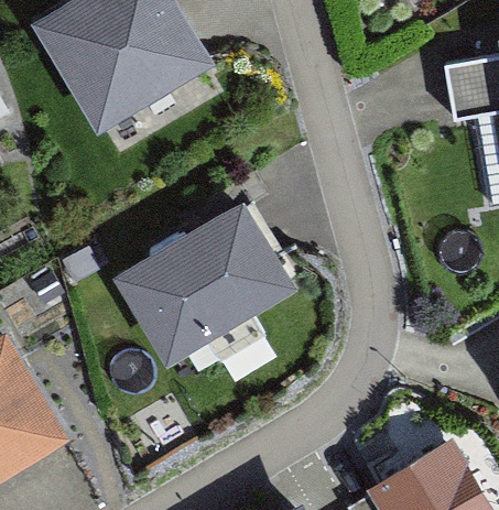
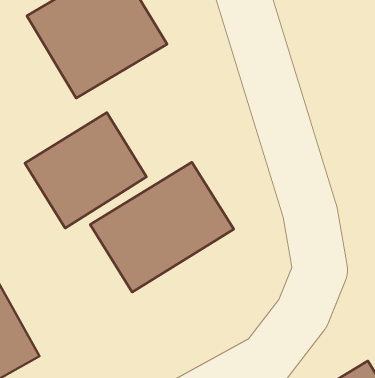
building: none -> [25,112,147,228]

